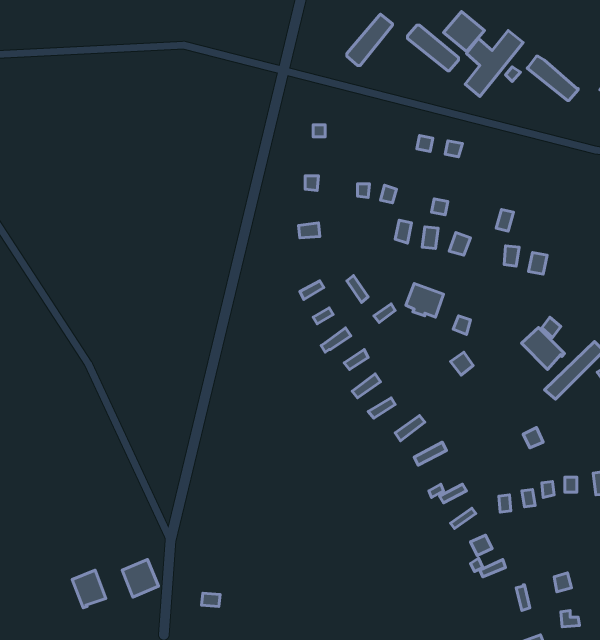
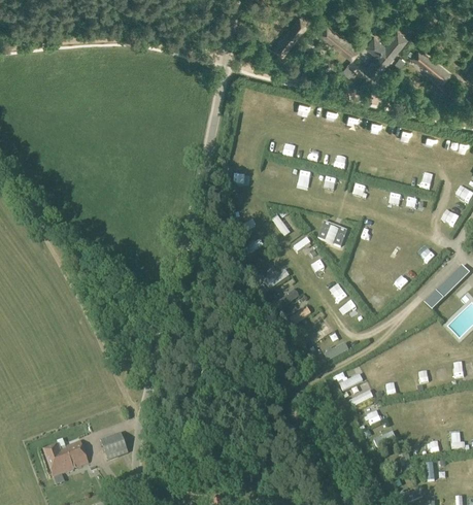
building: [444,12,485,52] -> none
building: [521,327,564,369] -> none
building: none -> [42,445,70,477]

